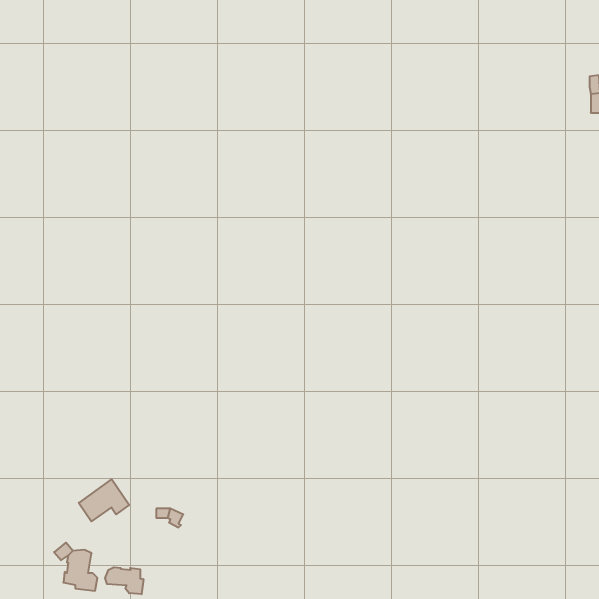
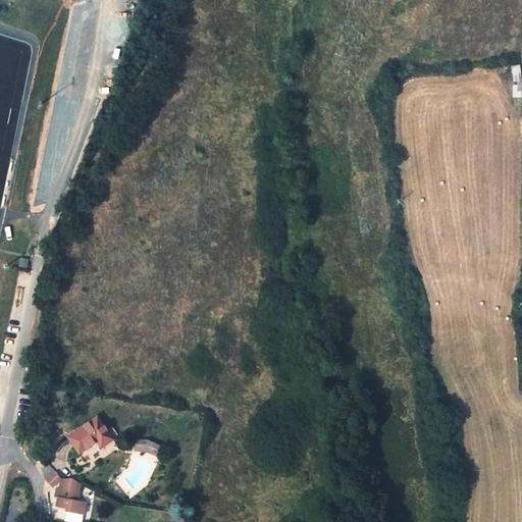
building: [105,567,143,594] -> none

